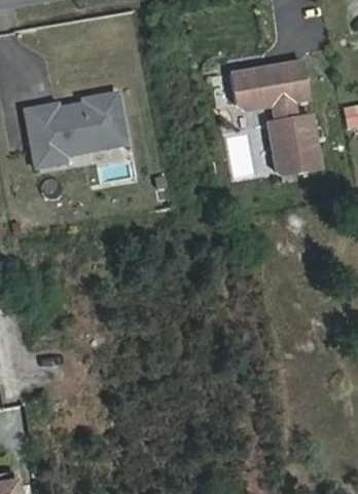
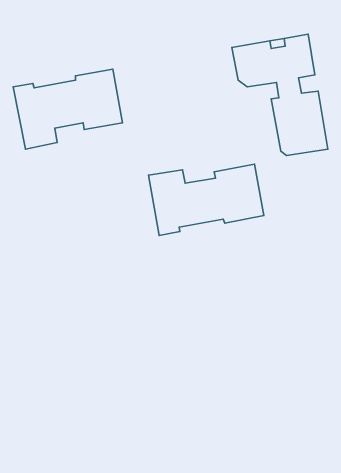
building: none -> [149,164,264,235]

